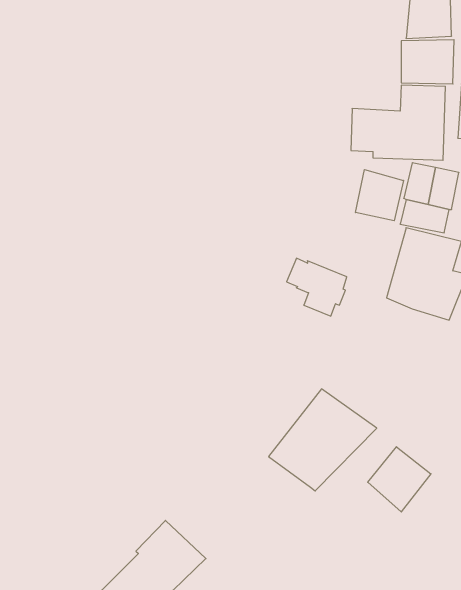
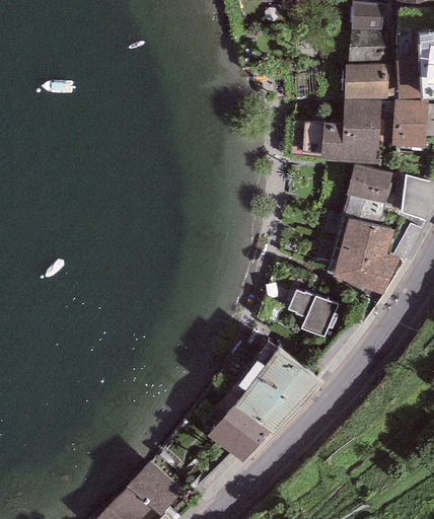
building: [356,170,404,221] -> none
building: [287,258,347,316] -> [288,288,338,336]
building: [368,447,431,512] -> none
building: none -> [207,403,270,460]

